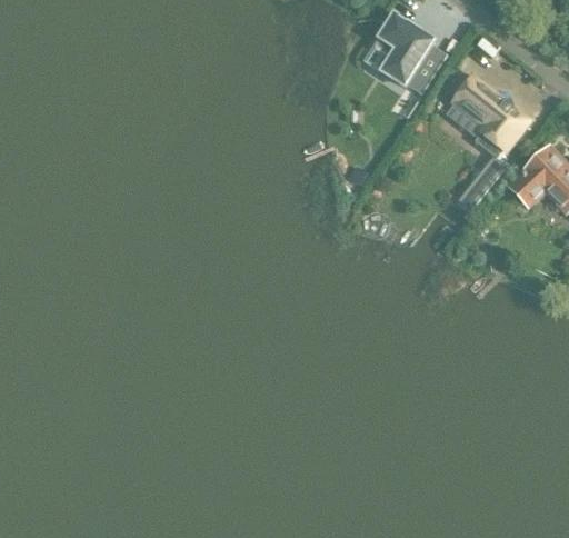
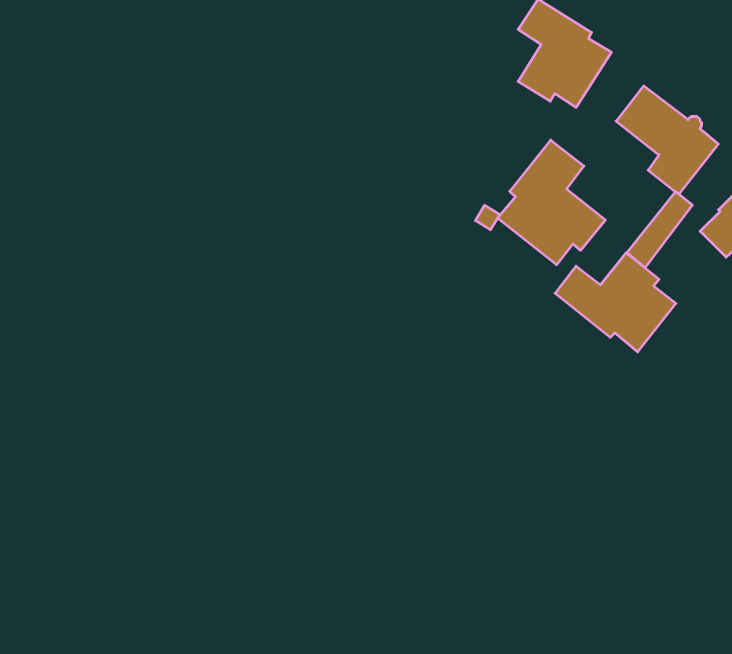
building: none -> [498,140,605,265]
building: none -> [555,253,676,352]

